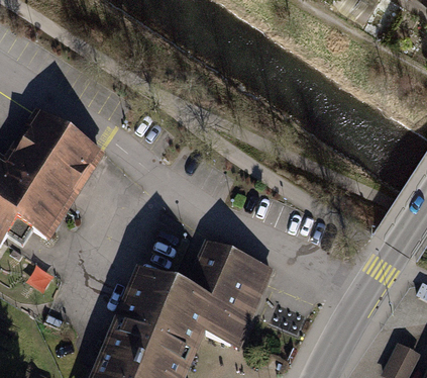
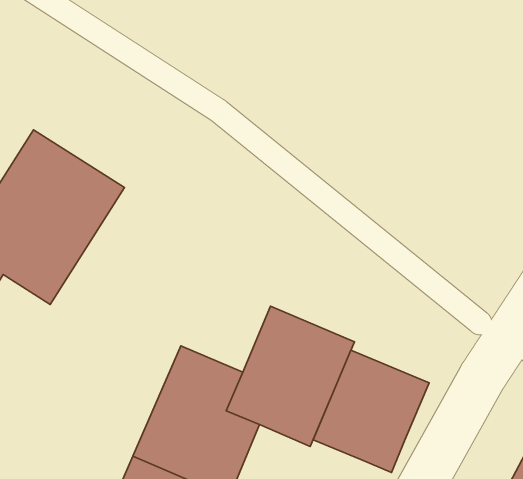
building: none -> [313,350,429,473]

